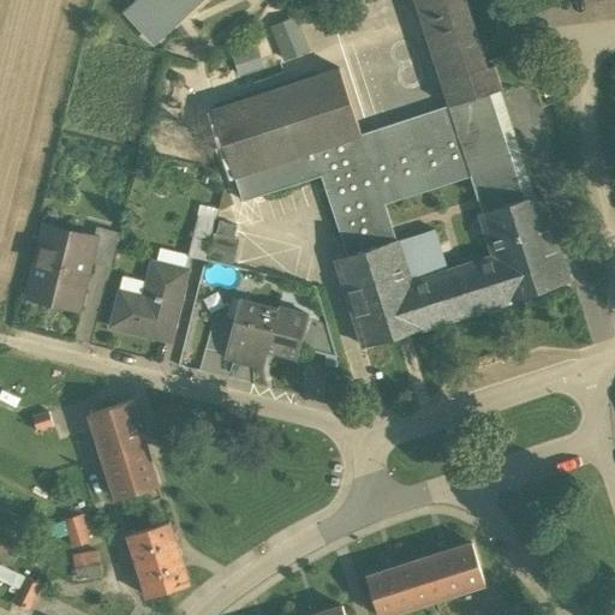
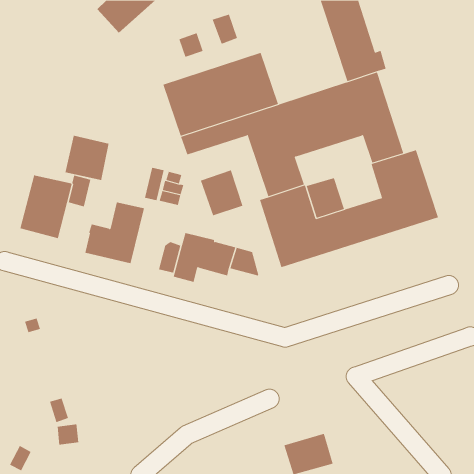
building: none -> [65,135,109,181]
building: none -> [200,170,243,216]
building: [89,401,157,498] -> none
building: [126,521,189,597] -> none
building: [419,544,484,601] -> none

